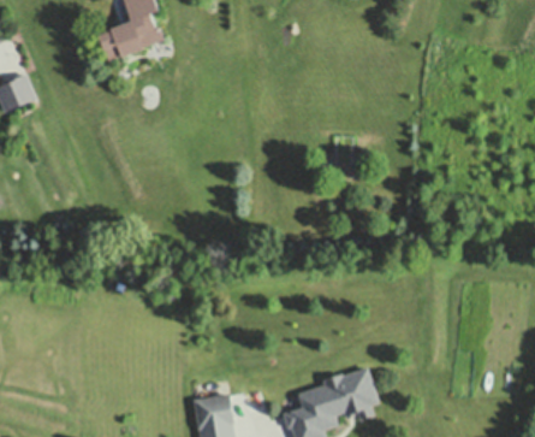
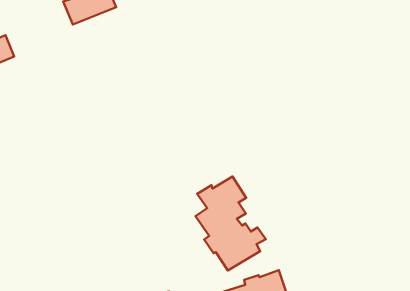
building: none -> [196,176,266,271]

